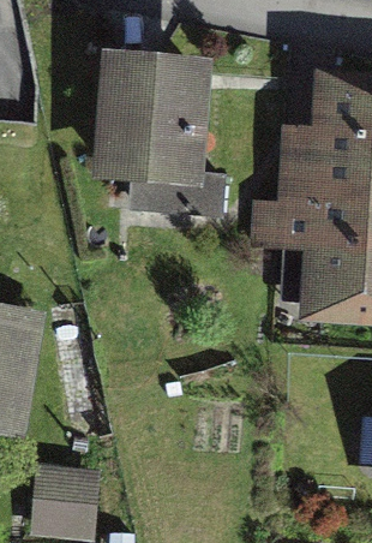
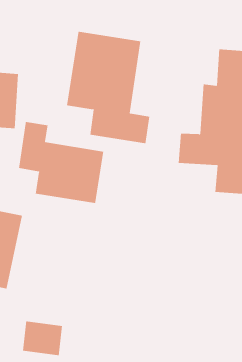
building: none -> [18,121,104,204]

